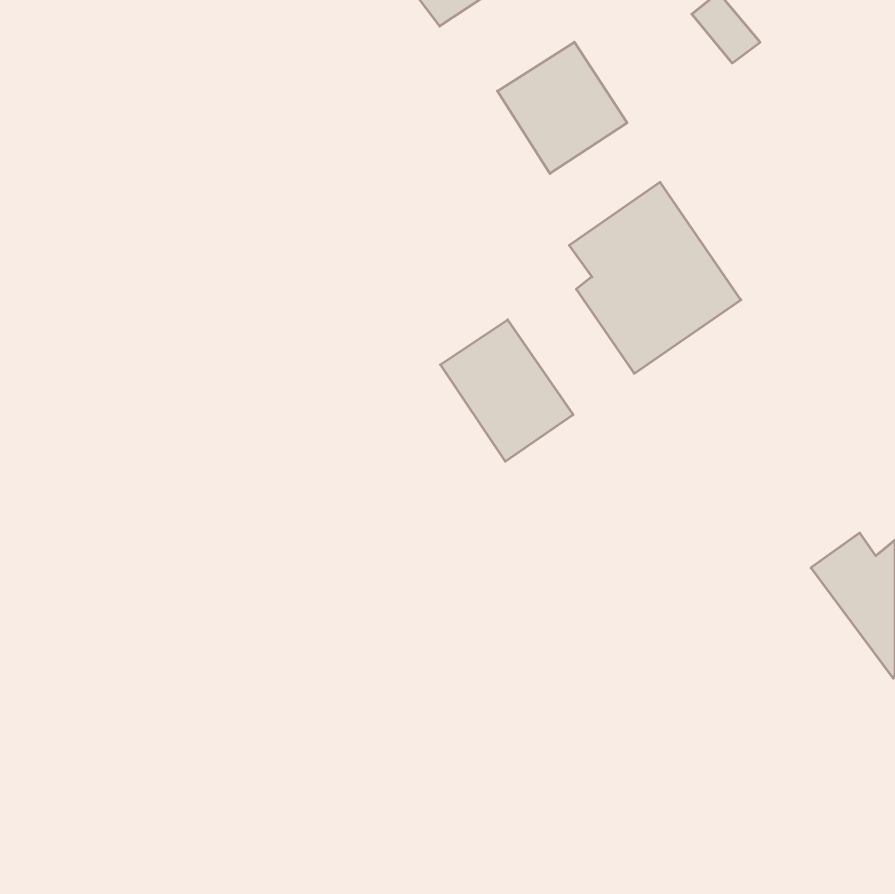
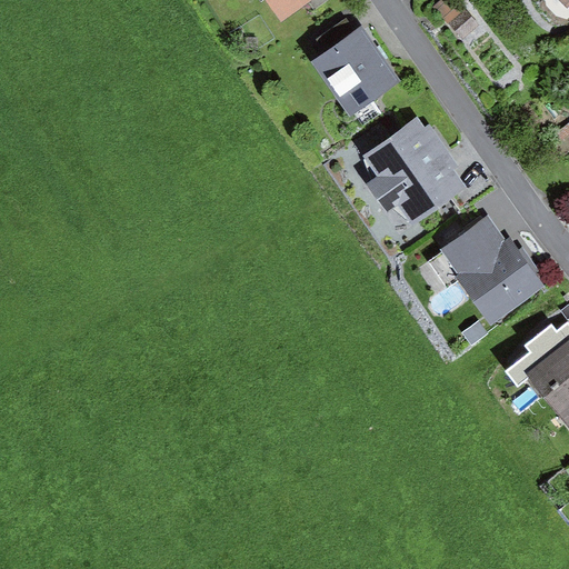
building: [440,320,573,461] -> none
building: none -> [439,214,539,320]

